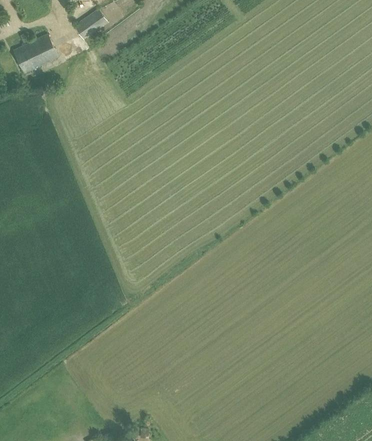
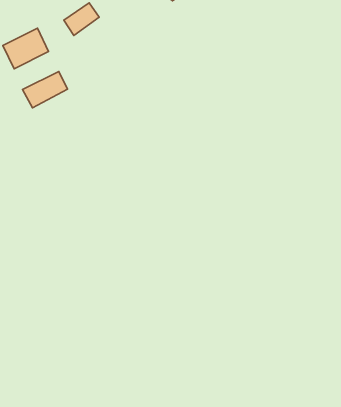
building: none -> [22,71,68,108]

